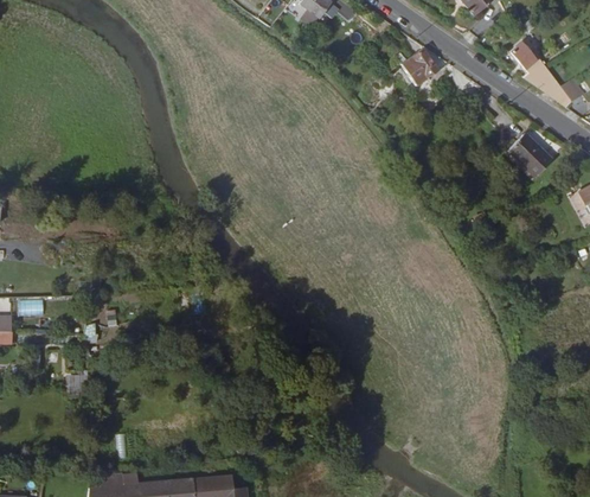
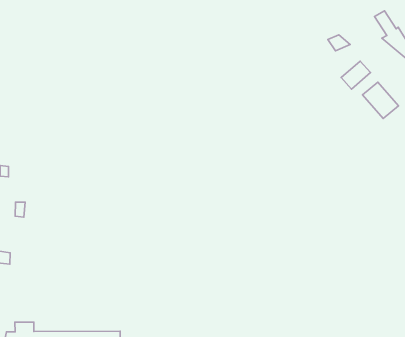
building: [400,47,450,88] -> none
building: none -> [341,61,370,89]

